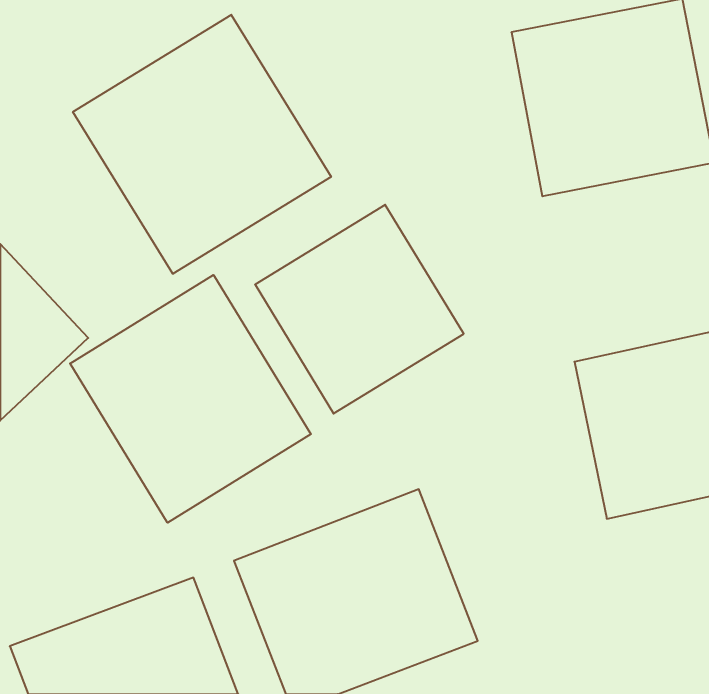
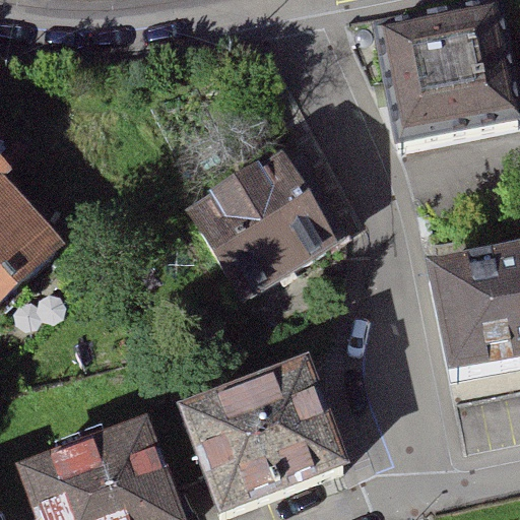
building: [73,15,331,274] -> none
building: [70,275,311,523] -> none

